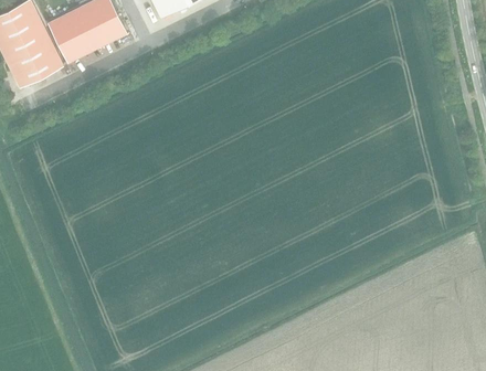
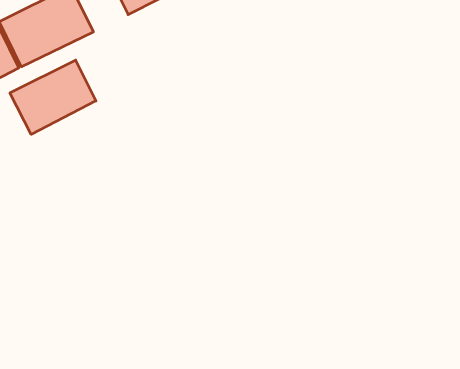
building: none -> [10,60,96,134]

